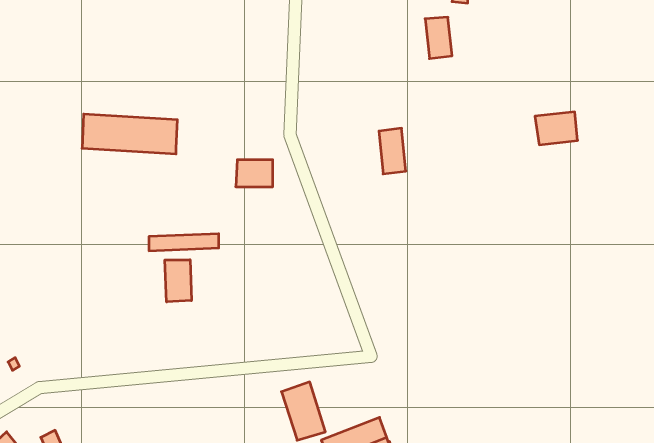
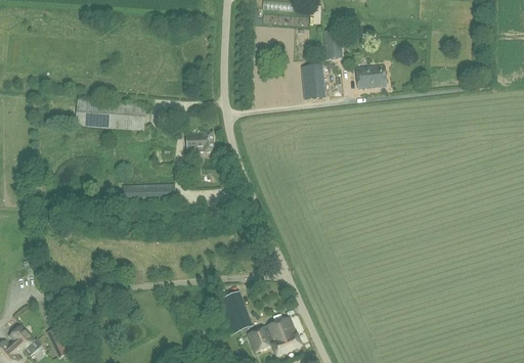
building: [535,112,578,145] -> [355,64,386,88]
building: [379,128,406,174] -> [301,63,320,96]
building: [165,260,191,302] -> none

